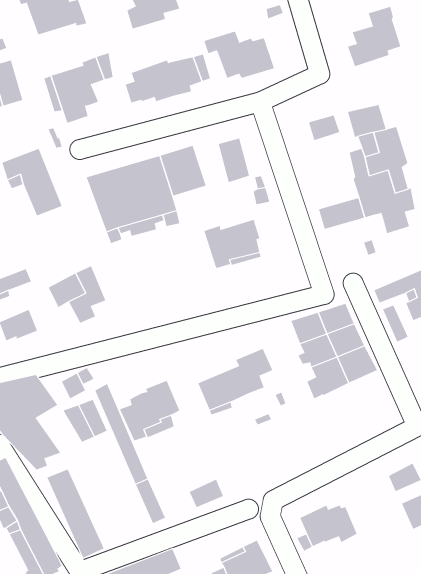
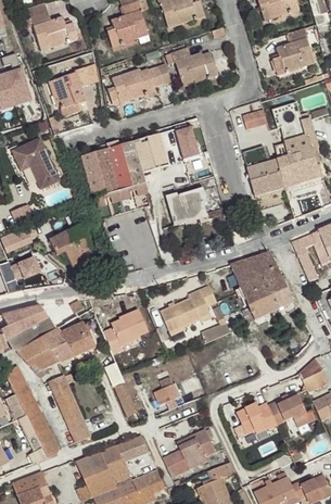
building: none -> [242,144,281,180]
building: none -> [40,327,74,363]
building: none -> [271,390,311,428]

